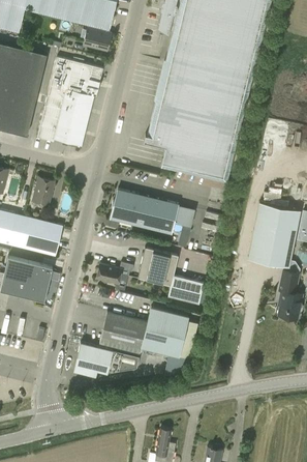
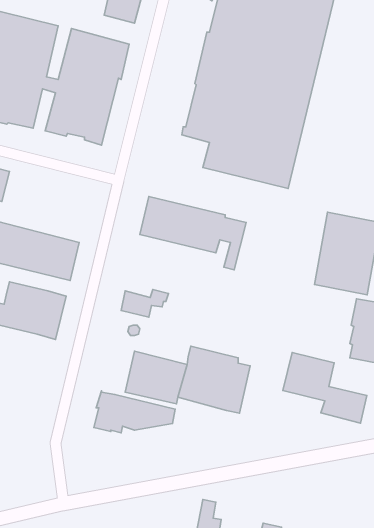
building: [32,178,55,206] -> none
building: [137,249,204,305] -> [283,352,367,423]

